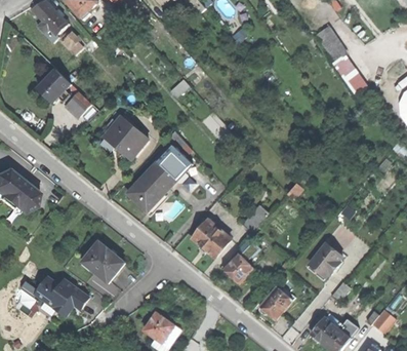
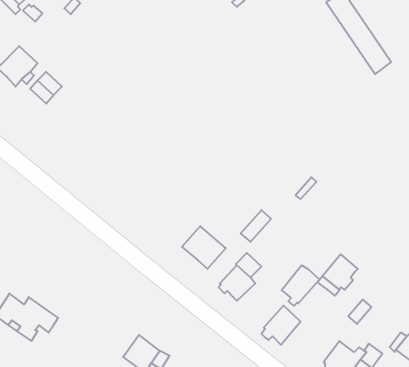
building: [107,117,148,158] -> none
building: [127,145,192,211] -> none
building: [83,242,124,282] -> none
building: none -> [282,265,319,306]

